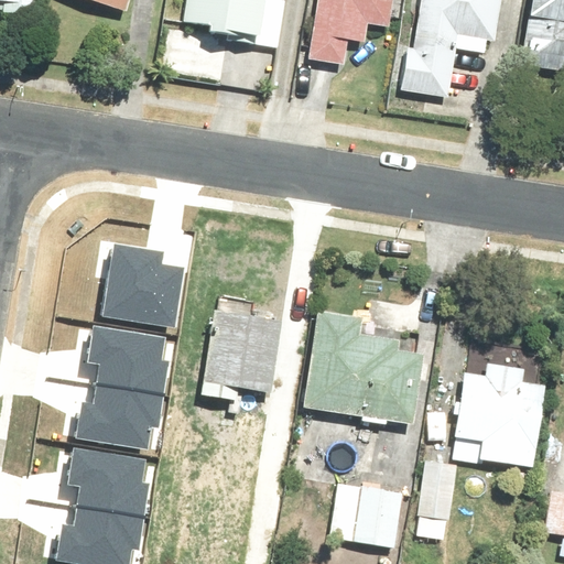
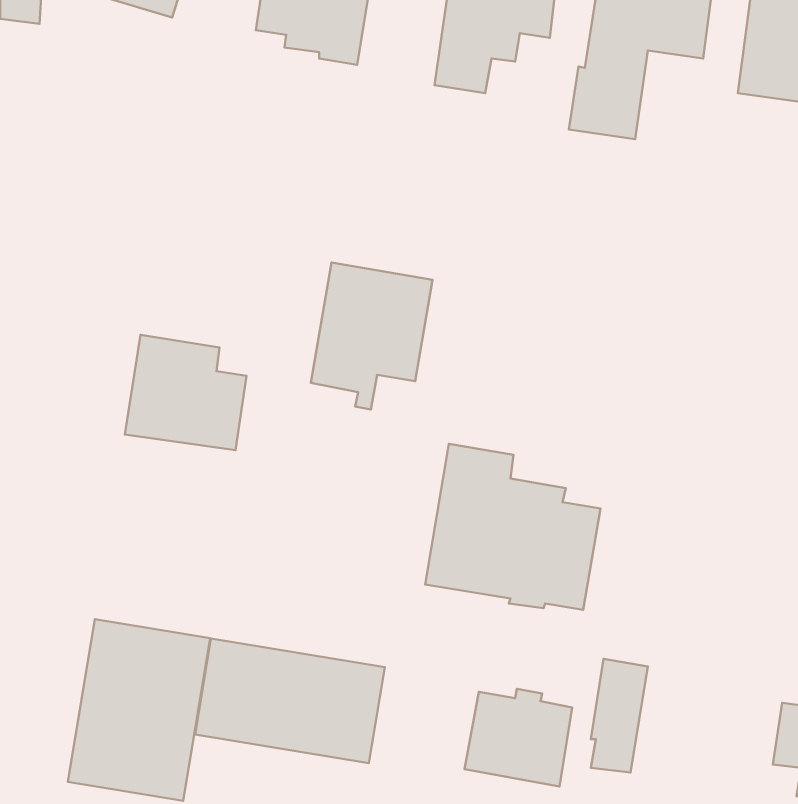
building: [199,311,284,413] -> [311,263,432,410]
building: [70,312,170,438] -> none
building: [454,364,546,468] -> none
building: none -> [195,639,385,763]

